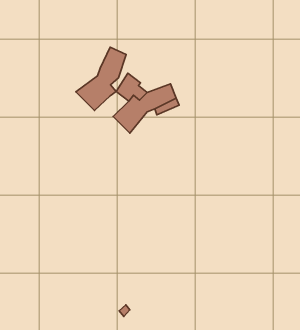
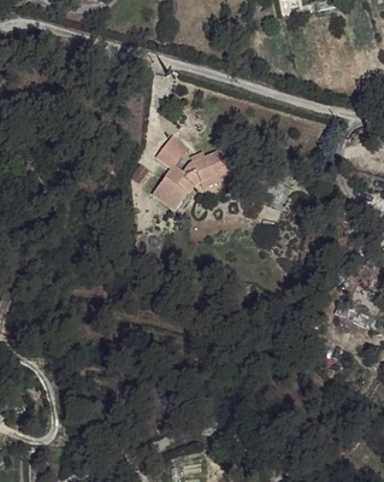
building: [76,47,126,110] -> none

